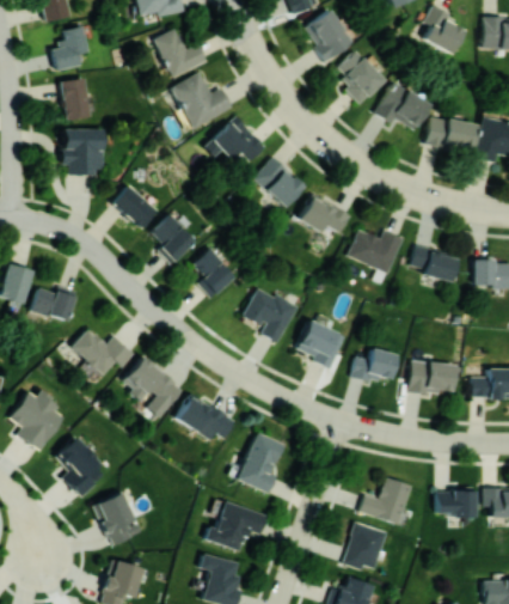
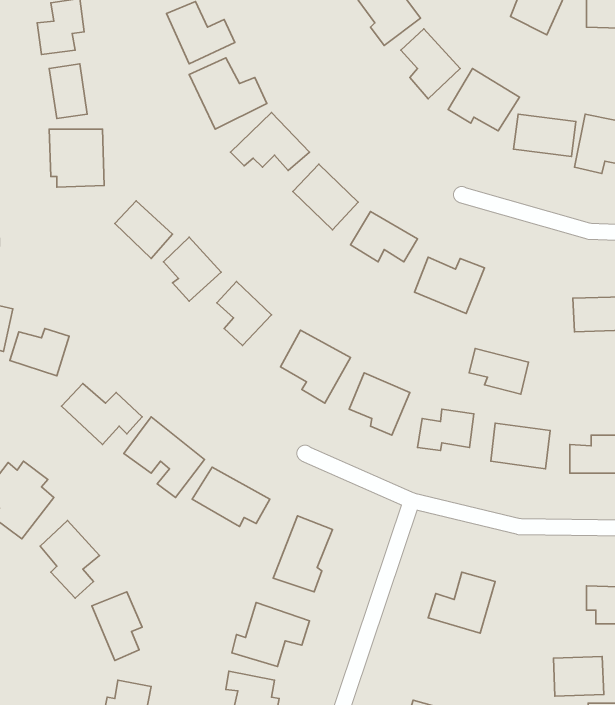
building: [411,245,458,281] -> [469,348,529,394]
building: [436,486,476,517] -> [553,657,604,696]
building: [343,521,387,569] -> none

